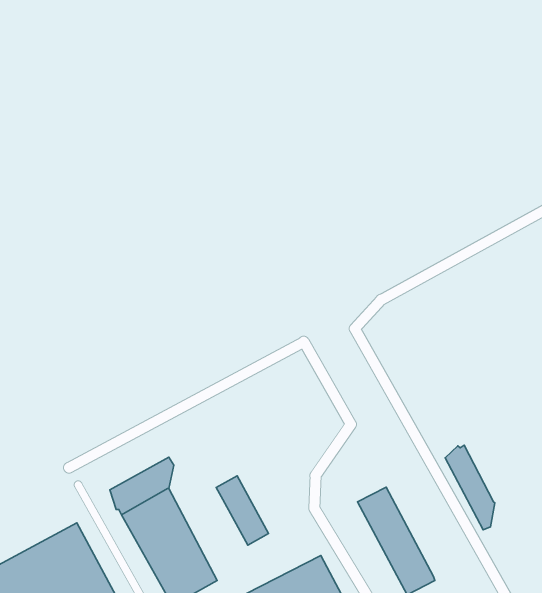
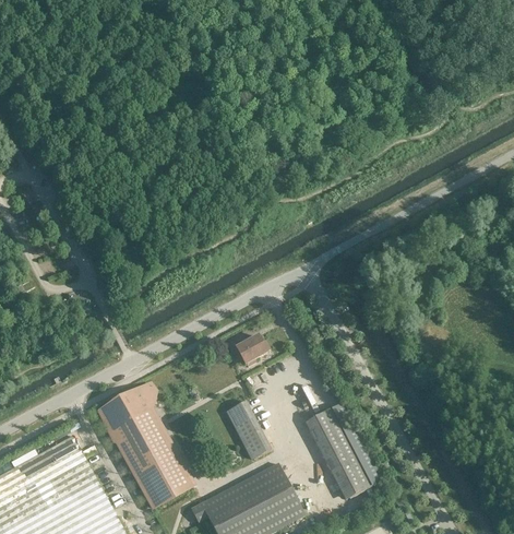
building: none -> [227,335,268,366]
building: [445,445,495,530] -> none
building: [216,476,269,545] -> [225,401,268,459]

